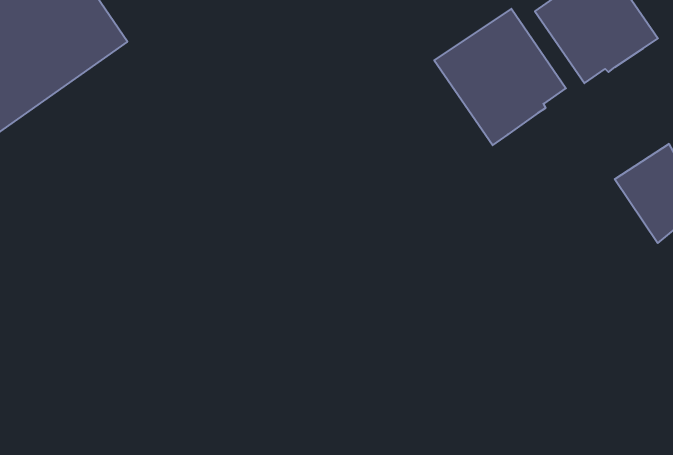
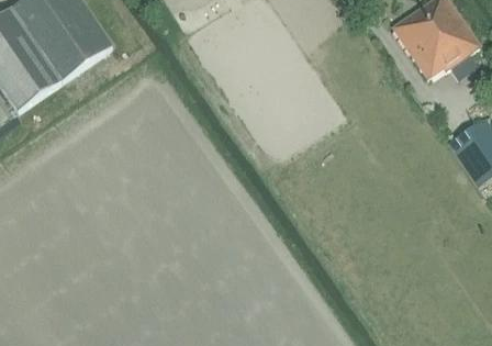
building: [434,9,566,145] -> none

